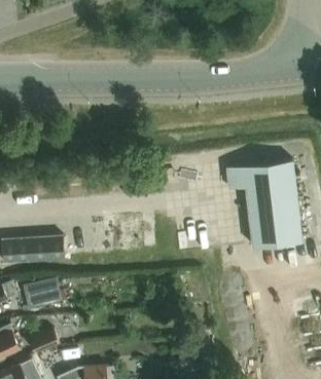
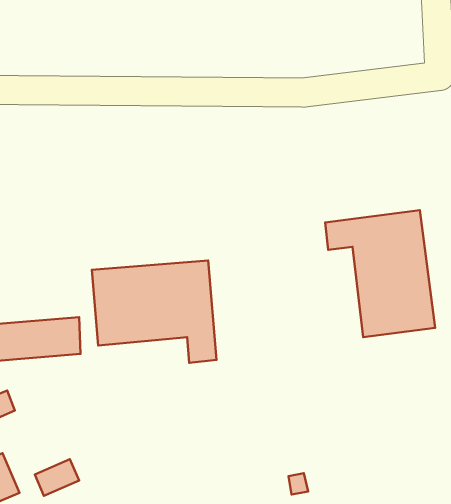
building: none -> [92,260,216,363]
building: [22,276,62,308] -> none

